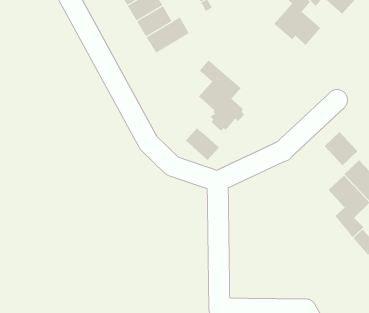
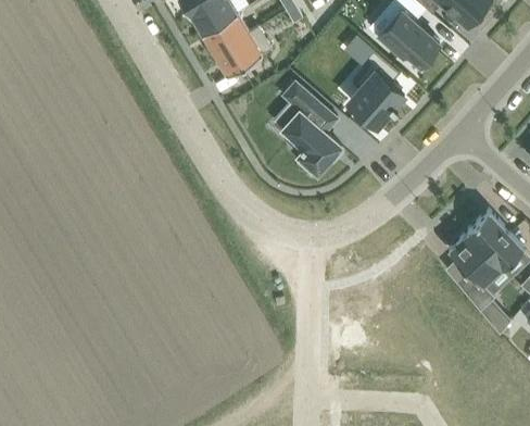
building: none -> [346,50,403,127]
building: [185,127,220,161] -> none
building: [324,131,358,166] -> none

